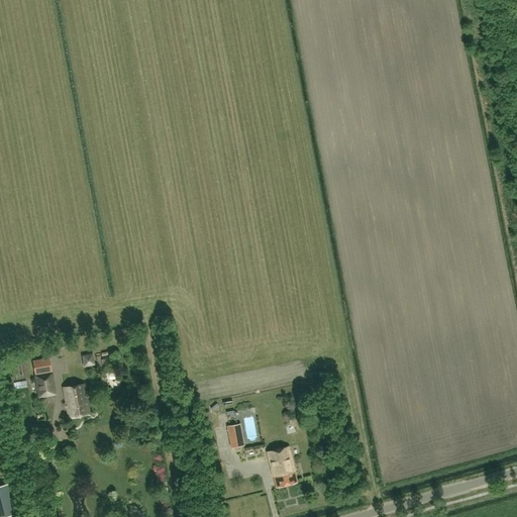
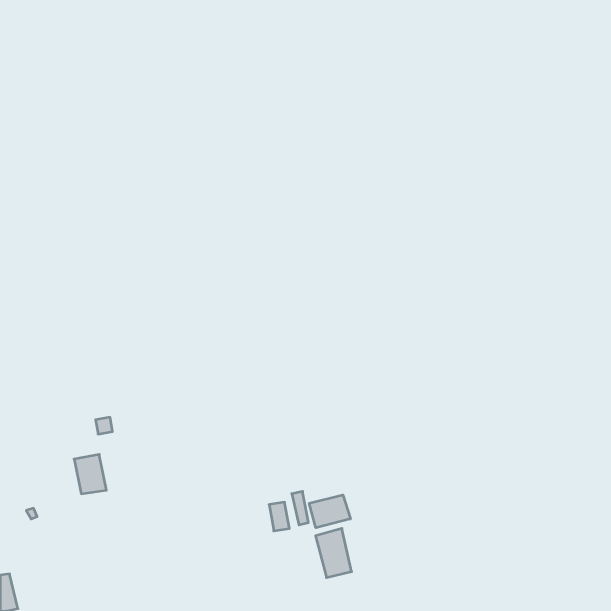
building: [32,357,55,398] -> none
building: none -> [309,495,350,528]

